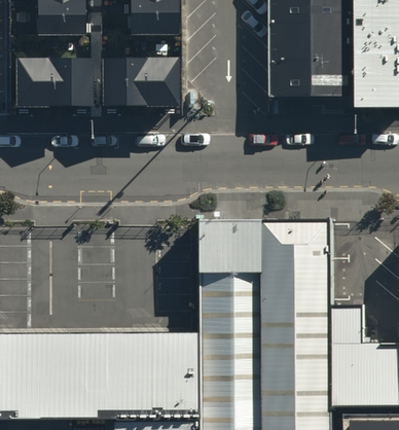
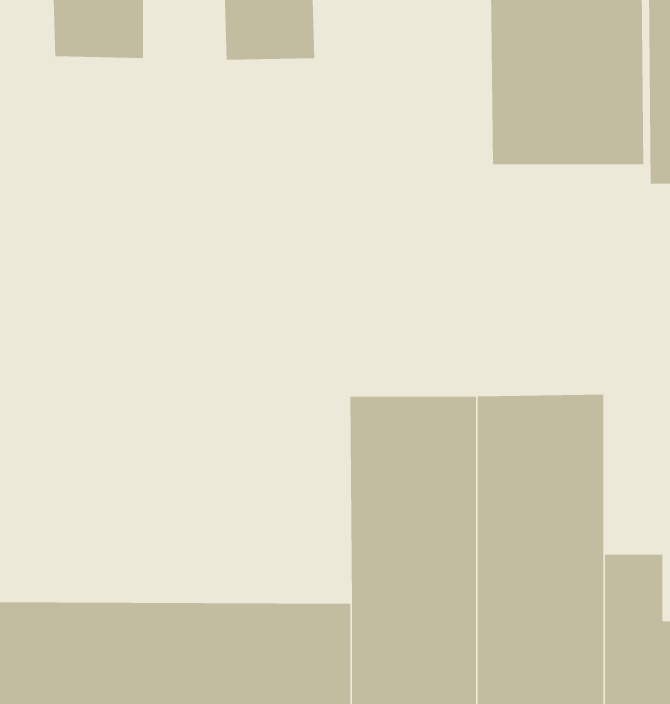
building: [13,61,90,110] -> none
building: [101,61,178,109] -> none

